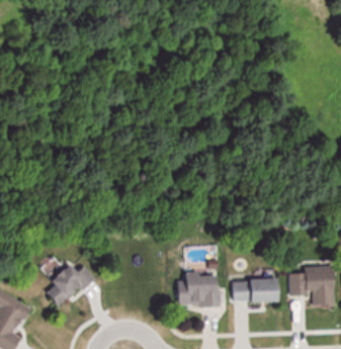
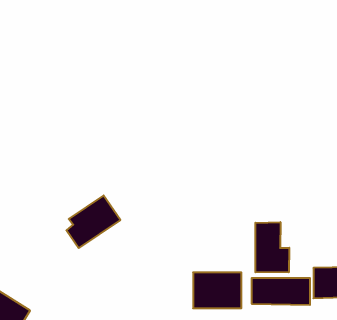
building: none -> [255,222,289,272]
building: [48,259,96,307] -> [66,195,120,248]

